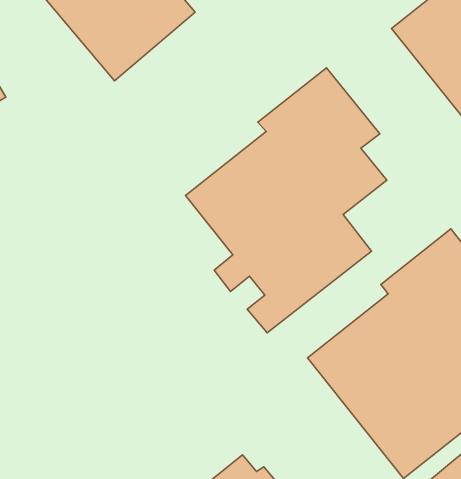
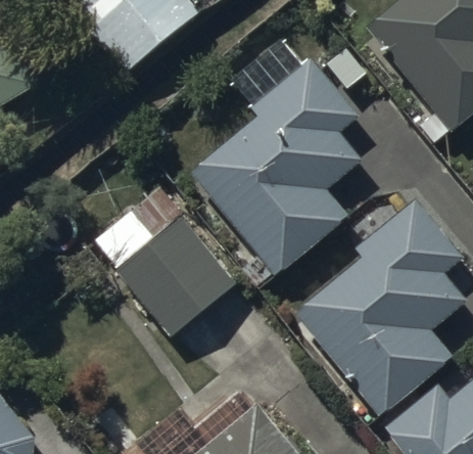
building: none -> [93,187,237,335]

